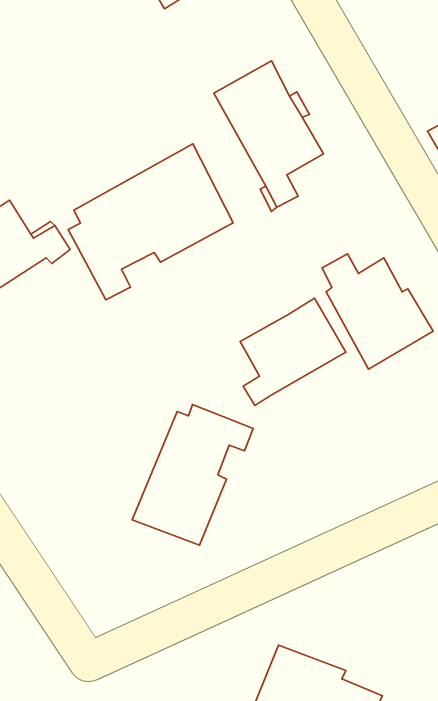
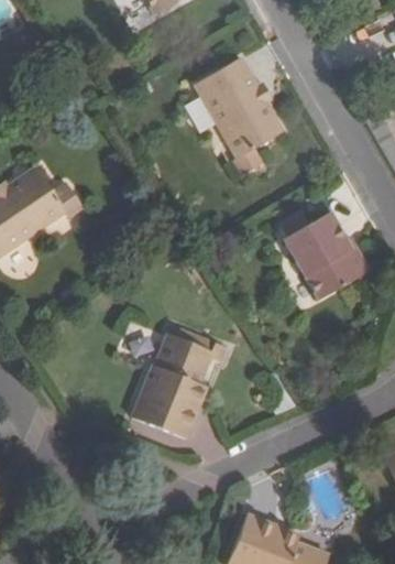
building: [68,144,233,300] -> none
building: [240,298,346,405] -> none

